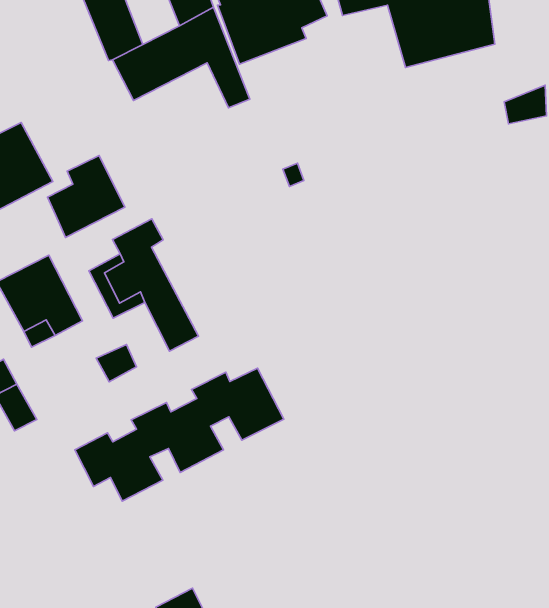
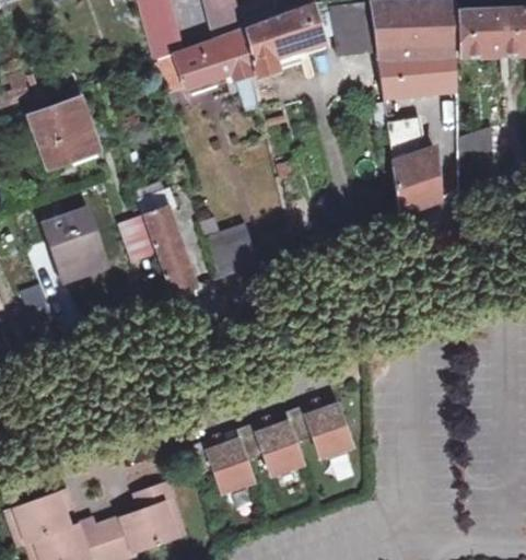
building: none -> [388,119,441,214]
building: [47,156,125,238] -> none
building: none -> [203,224,260,281]
building: [75,368,284,501] -> [187,402,353,492]

